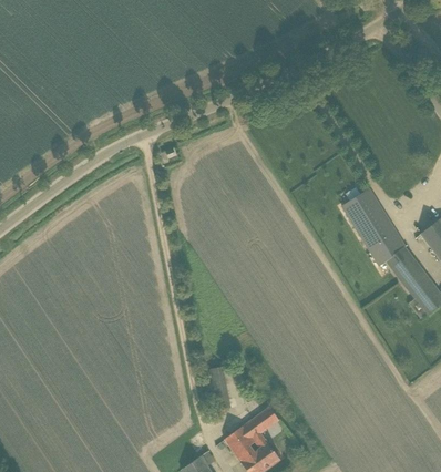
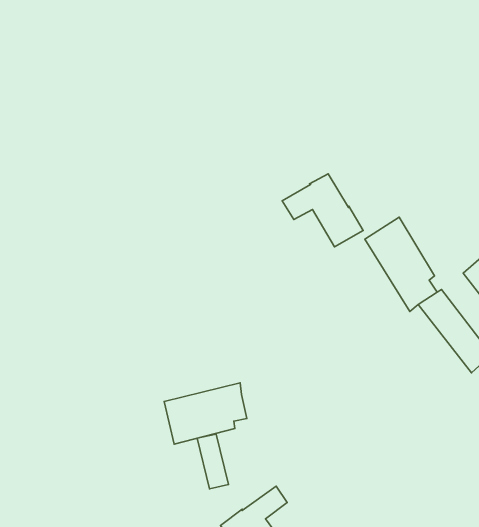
building: none -> [282,174,363,247]
building: none -> [164,383,247,444]

